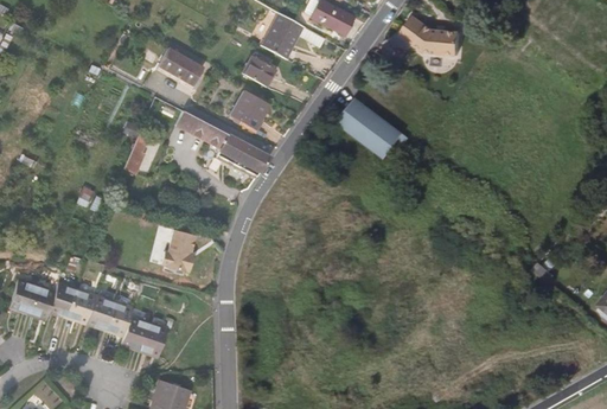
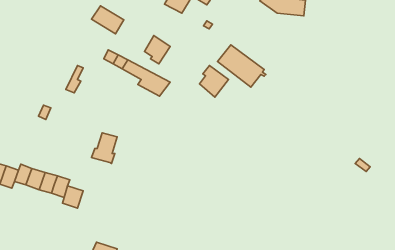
building: [242,55,276,87] -> none
building: none -> [199,65,228,97]
building: [136,312,164,343] -> none

